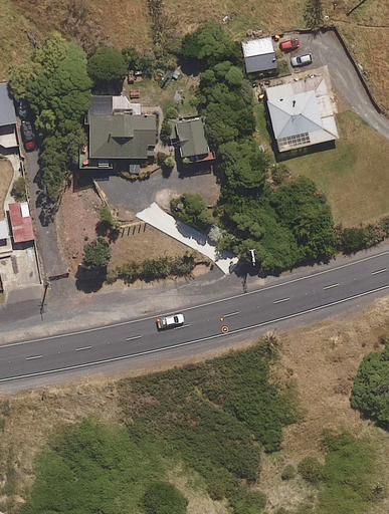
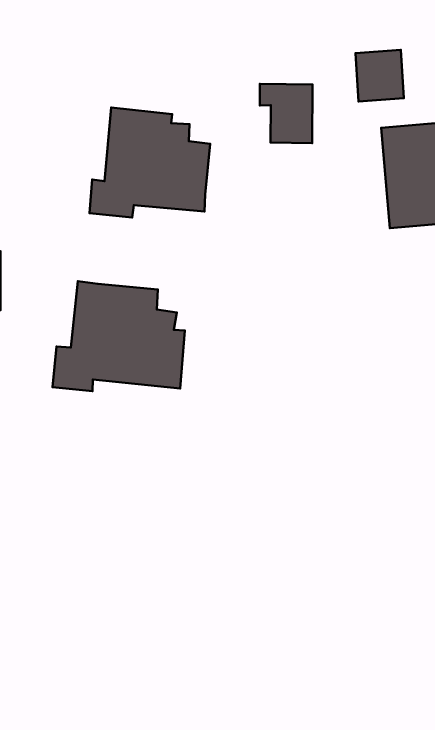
building: [168,116,207,158] -> [260,84,312,143]
building: none -> [52,281,185,391]

